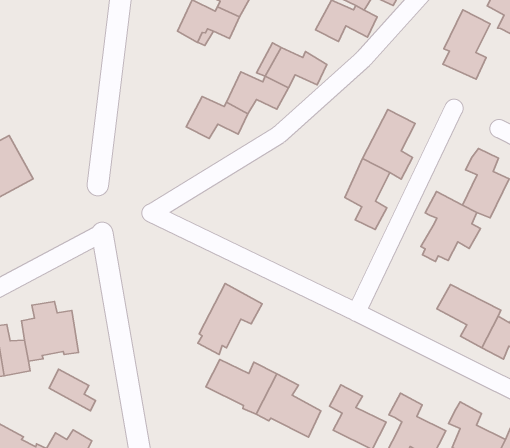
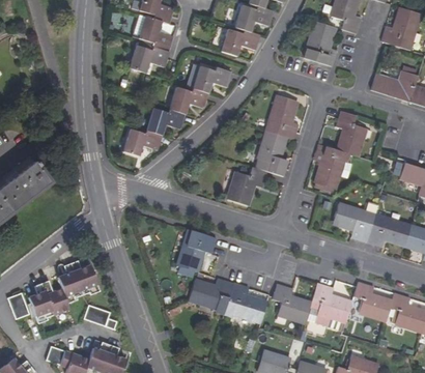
building: none -> [123,128,163,155]
building: none -> [228,167,267,205]

